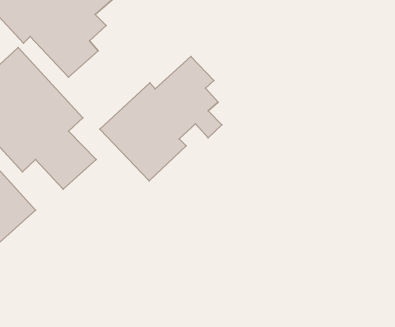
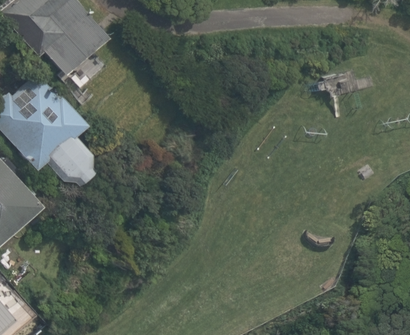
building: [100,56,222,181] -> none

